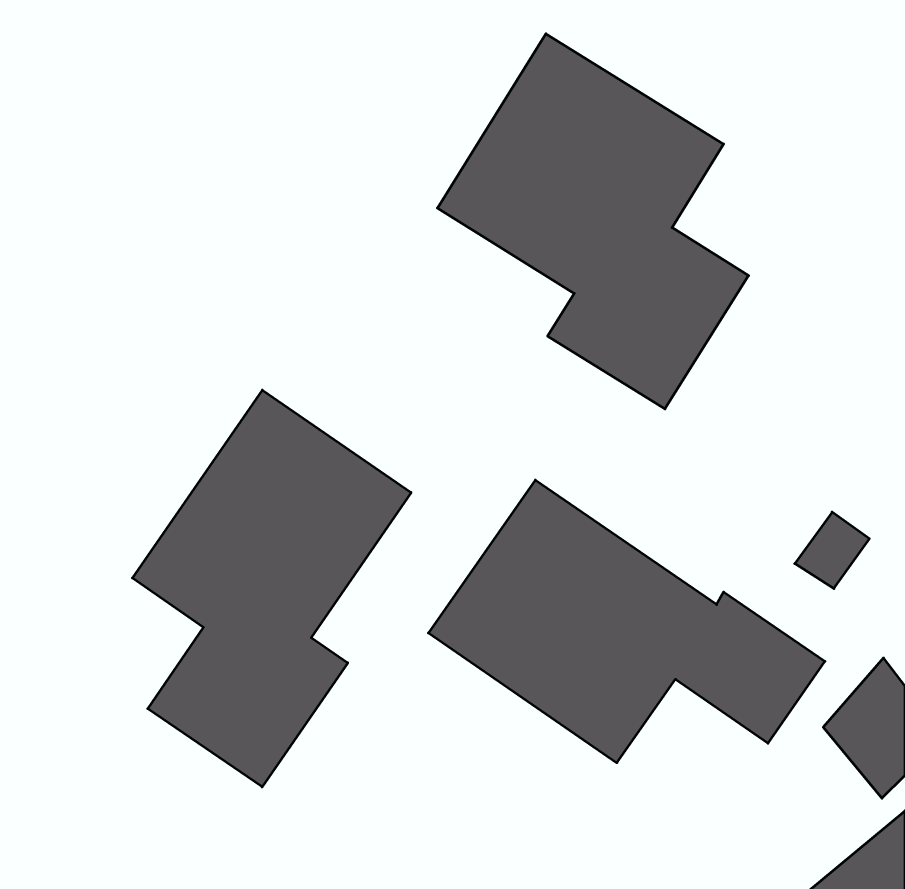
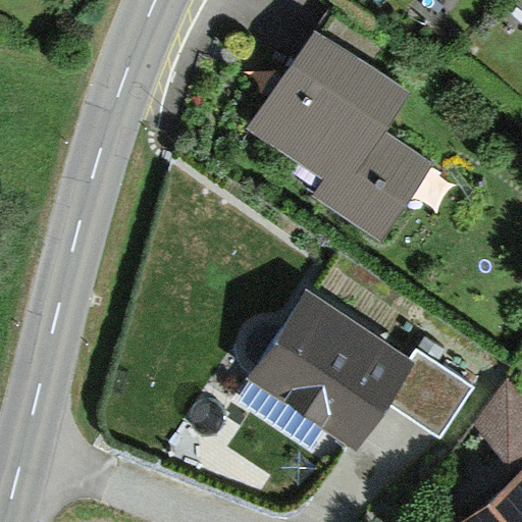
building: [132,390,411,787] -> none

